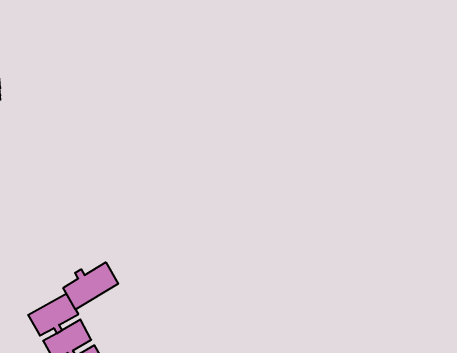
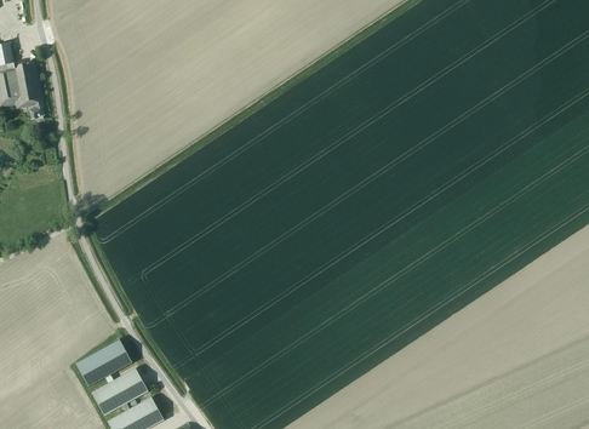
building: [63,262,118,309] -> none

